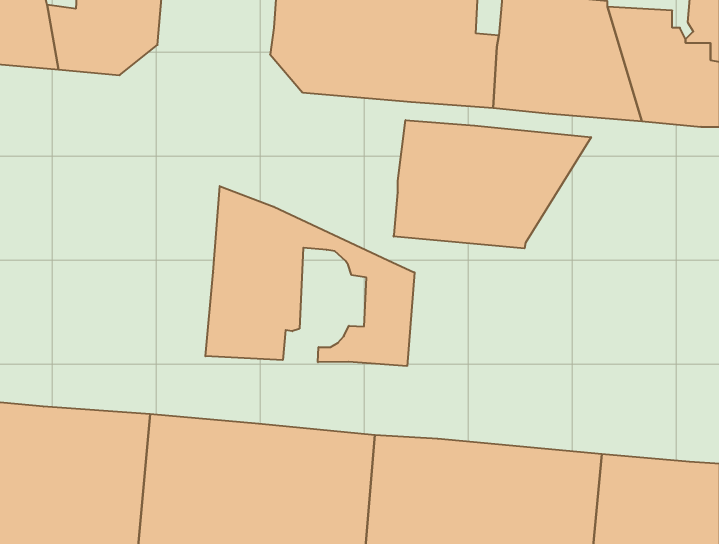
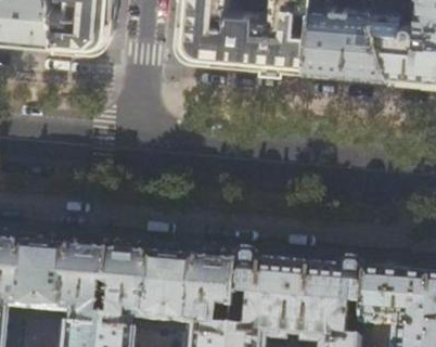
building: [394,120,591,248] -> none
building: [205,186,415,366] -> none

